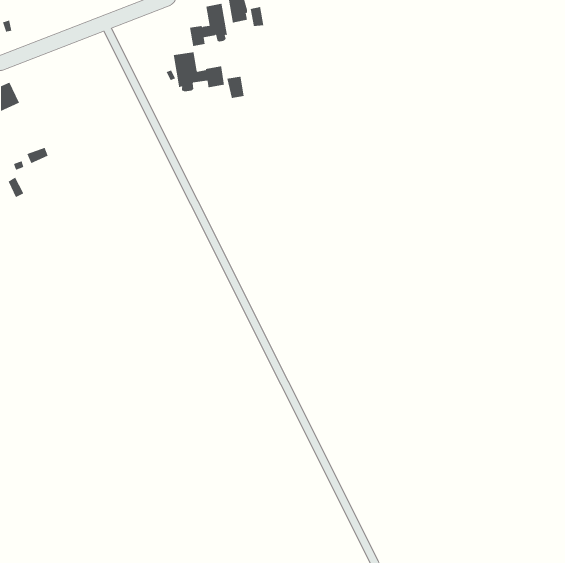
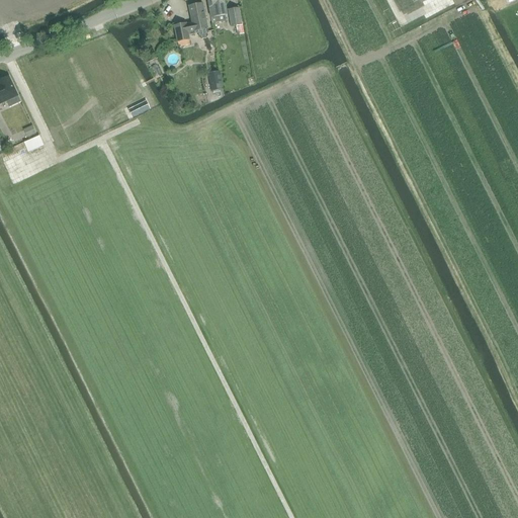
building: [173,52,225,92] -> none

